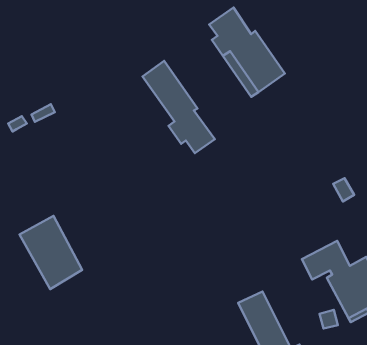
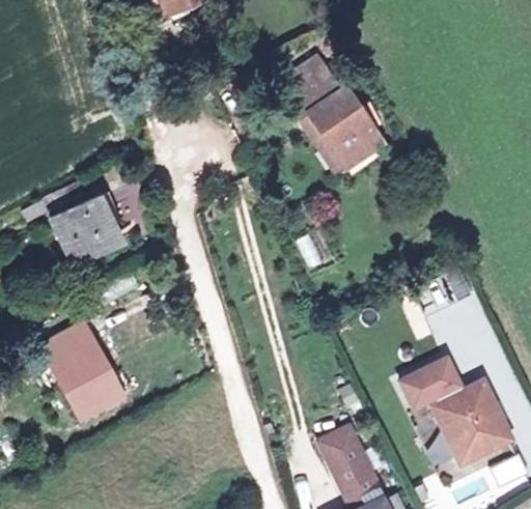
building: [142,61,215,153] -> none
building: none -> [49,182,134,257]

